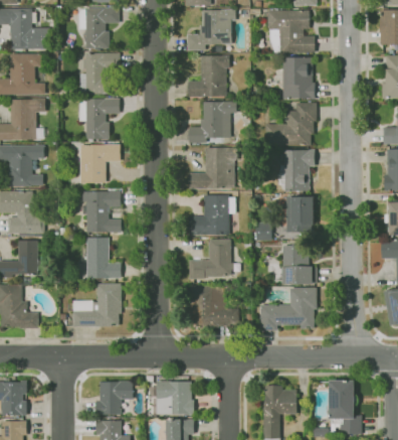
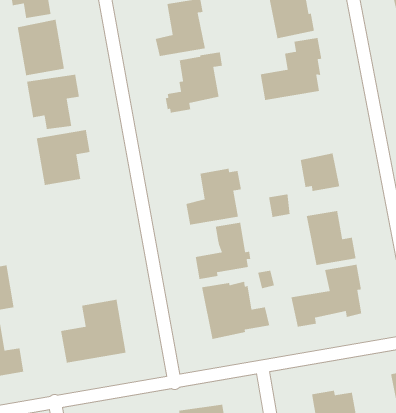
building: [188,147,238,189] -> none
building: [278,149,315,191] -> none
building: [82,190,122,233] -> none
building: [85,237,122,278] -> none

